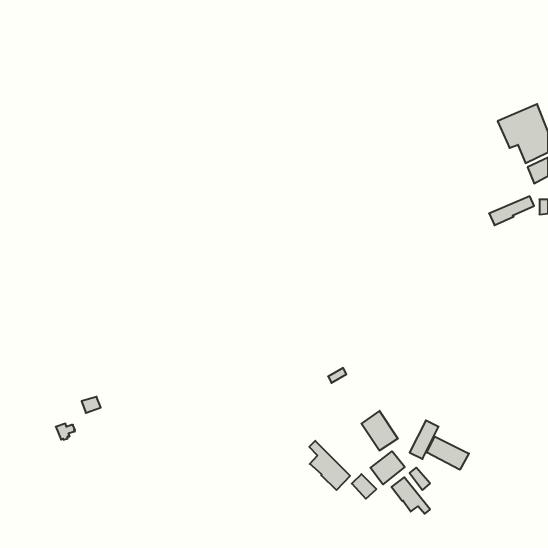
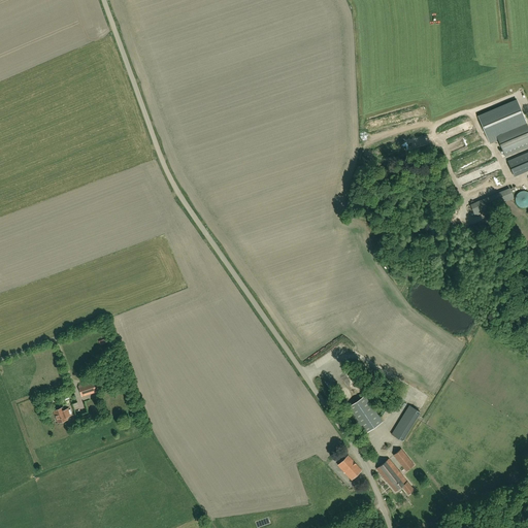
building: [427,436,469,470] -> none
building: [309,441,350,490] -> none
building: [370,451,405,484] -> none

